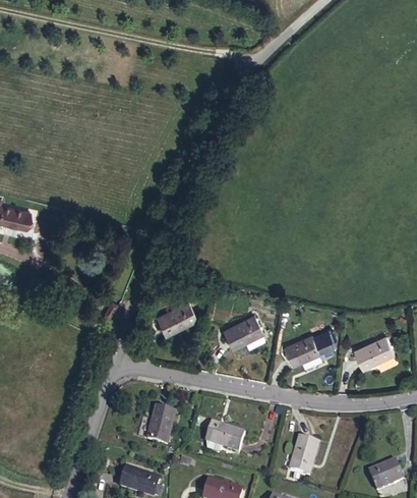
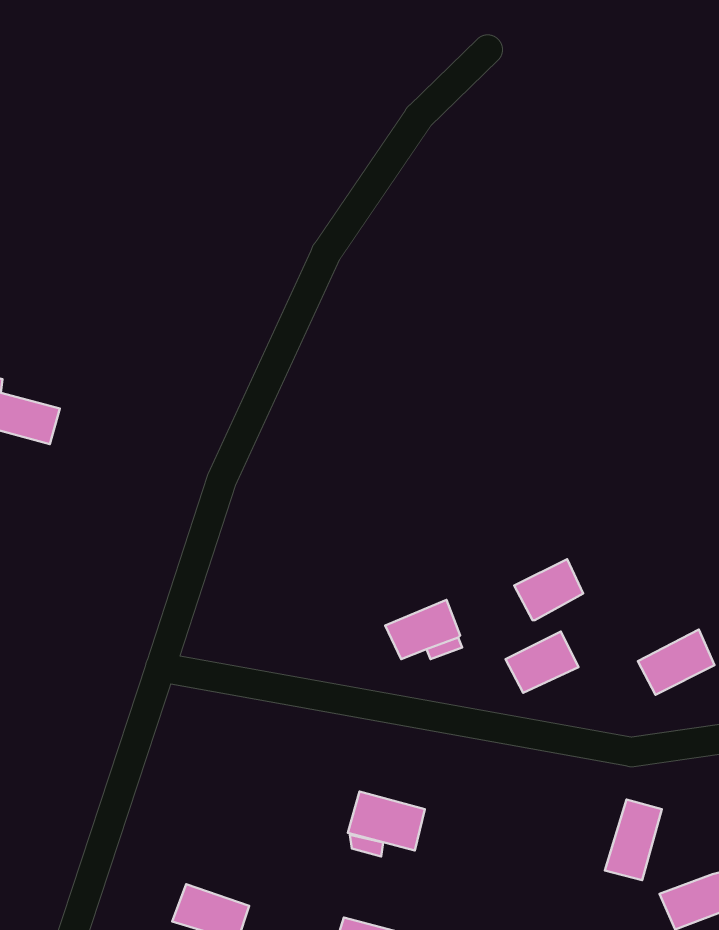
building: none -> [514,559,583,620]
building: [161,298,202,332] -> none
building: [143,402,172,443] -> none
building: [291,433,320,475] -> [605,799,662,880]

